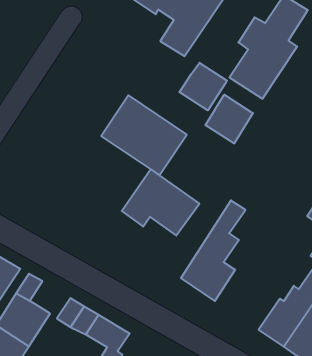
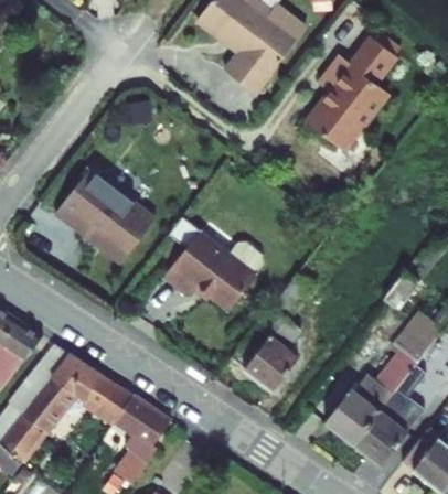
building: [179,63,227,110] -> none
building: [205,95,253,144] -> none
building: [101,95,187,175] -> [60,169,161,266]
building: none -> [51,353,99,398]

